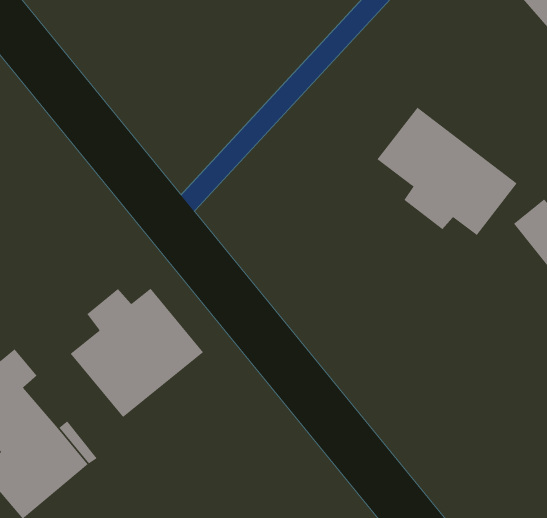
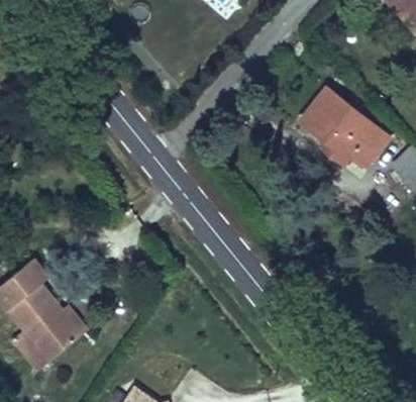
building: [70,288,204,418] -> none

